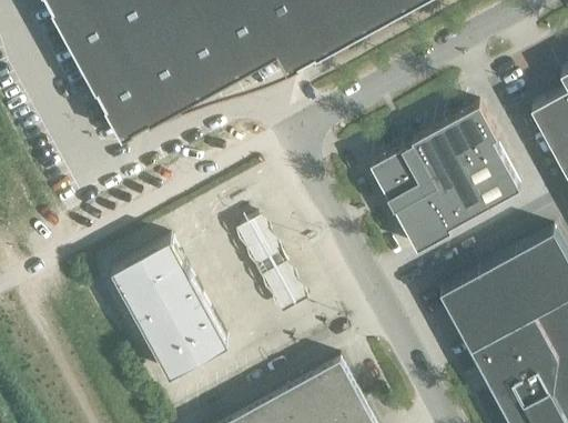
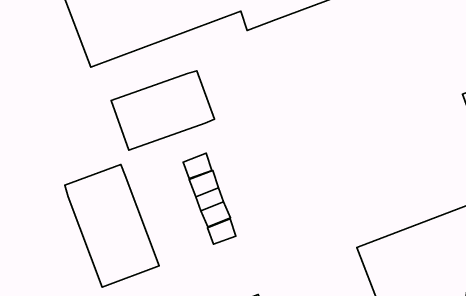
building: [371,107,520,252] -> none
building: none -> [111,71,214,150]

